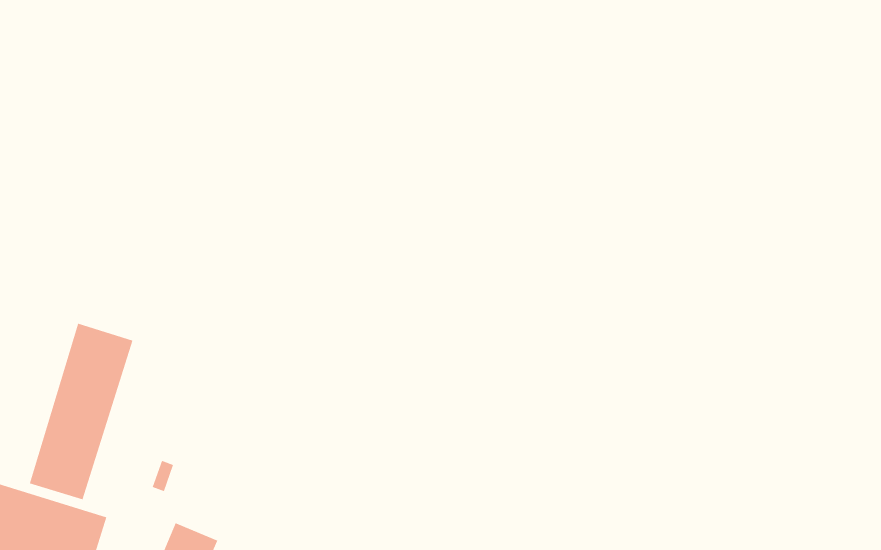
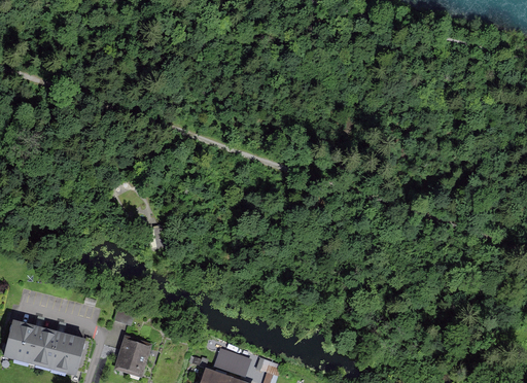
building: [29,323,133,500] -> none

